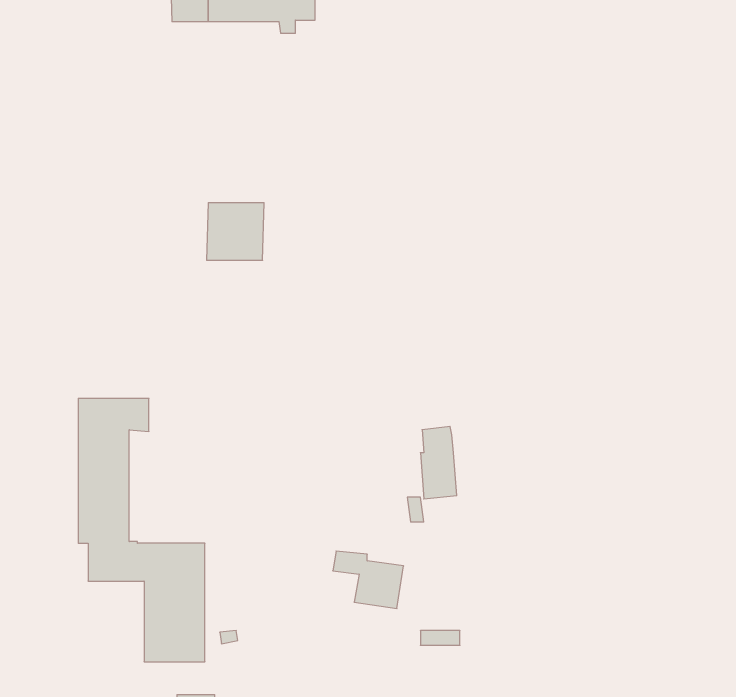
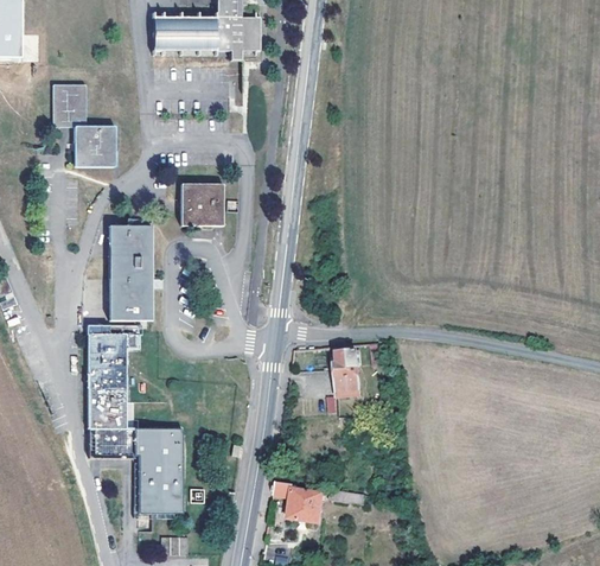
building: none -> [51,84,114,165]
building: none -> [109,224,151,319]
building: [333,551,404,609] -> [273,482,324,523]

